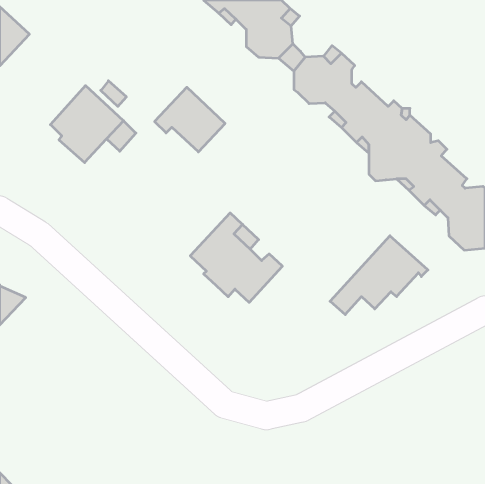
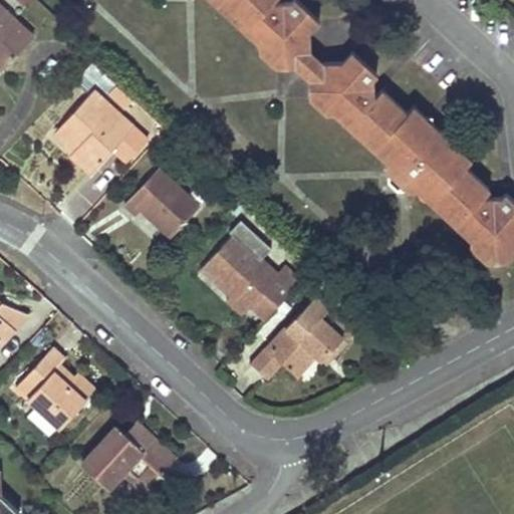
building: [155,87,225,152] -> [122,170,197,238]
building: [330,236,428,315] -> [250,298,353,381]
building: none -> [14,348,92,431]
building: none -> [80,425,173,494]

